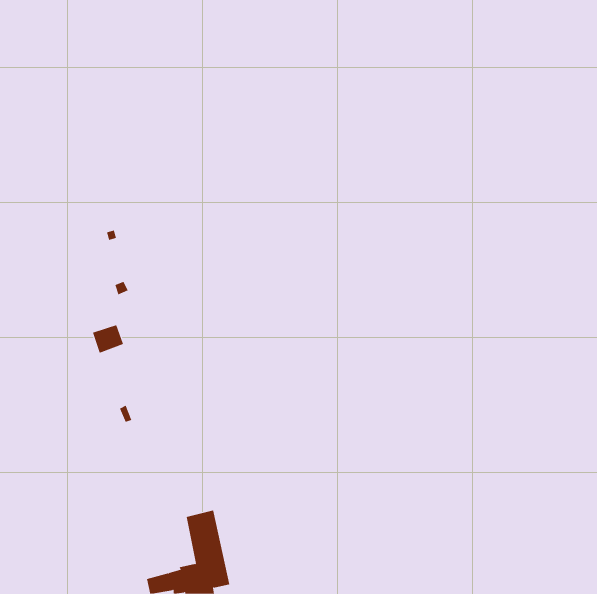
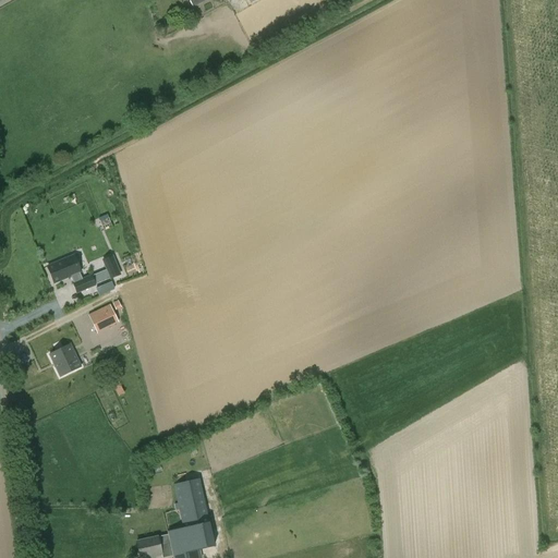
building: none -> [48,253,95,290]
building: none -> [49,343,81,375]

